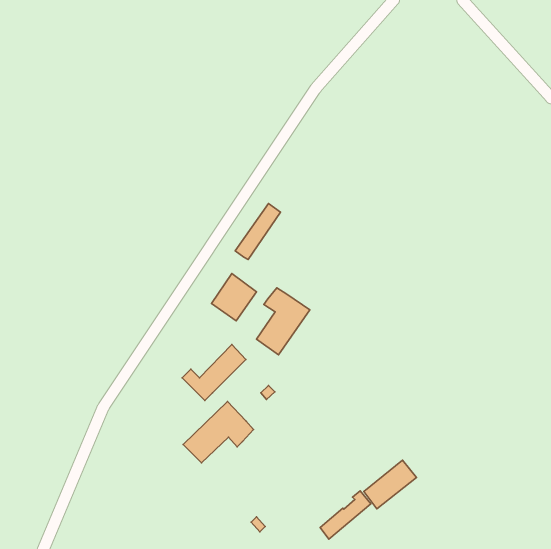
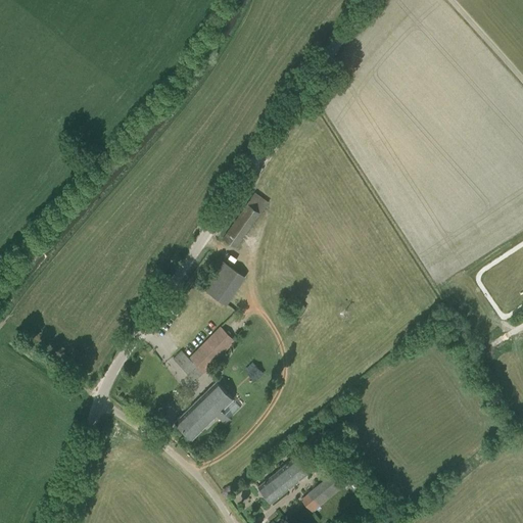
building: [256,288,310,355] -> none
building: [364,460,417,509] -> [257,458,307,504]

